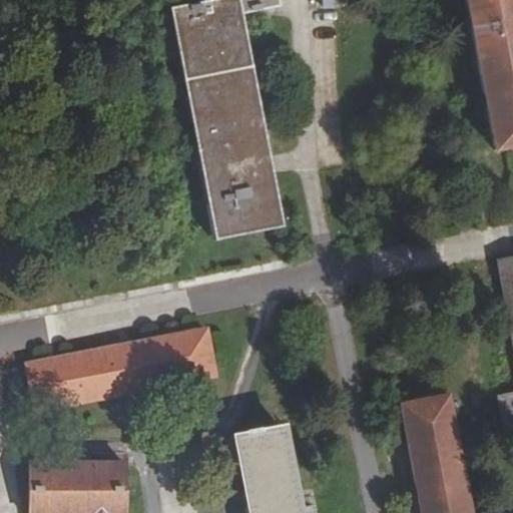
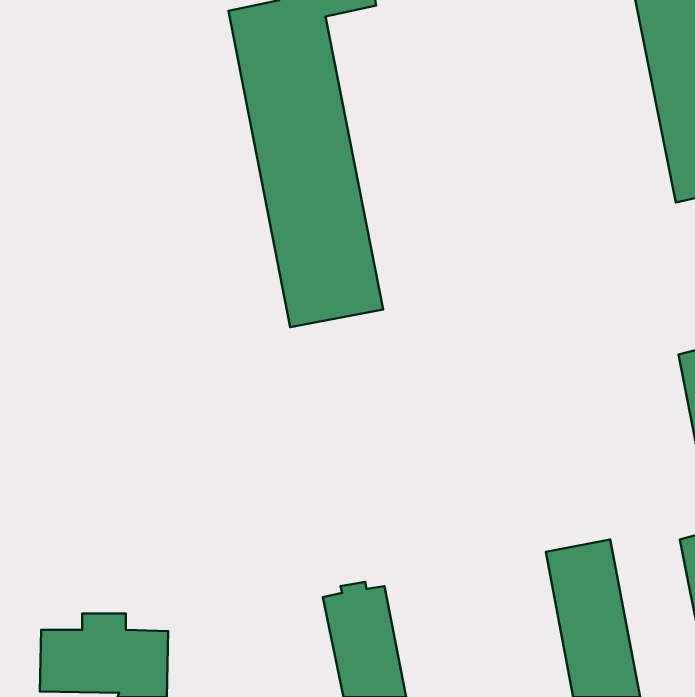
building: [28,328,217,409] -> none

